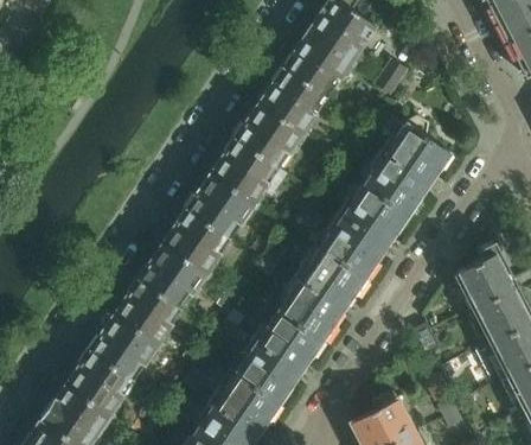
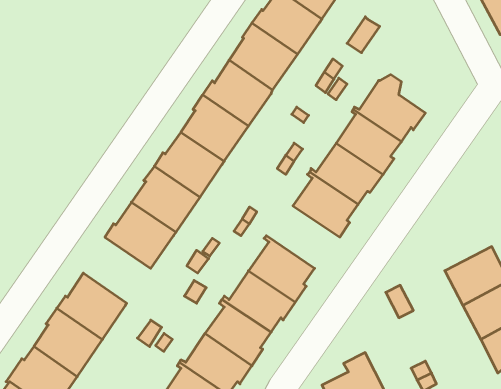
building: [454,241,518,310] -> none
building: [296,246,369,307] -> none
building: [116,276,183,342] -> none

